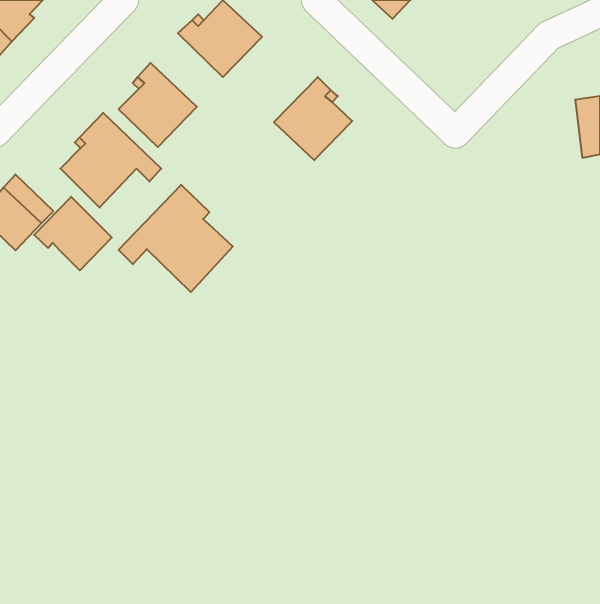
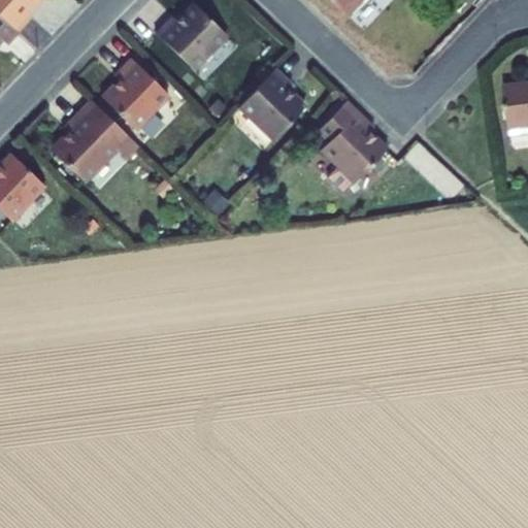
building: none -> [319,101,388,183]
building: [119,185,233,292] -> none
building: [34,197,112,270] -> none

